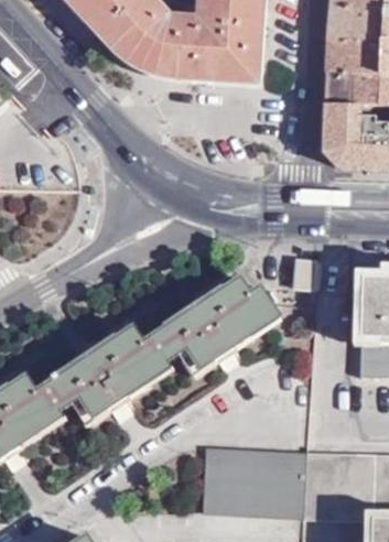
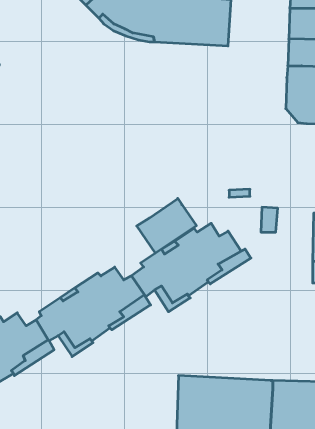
building: none -> [137,198,196,253]

